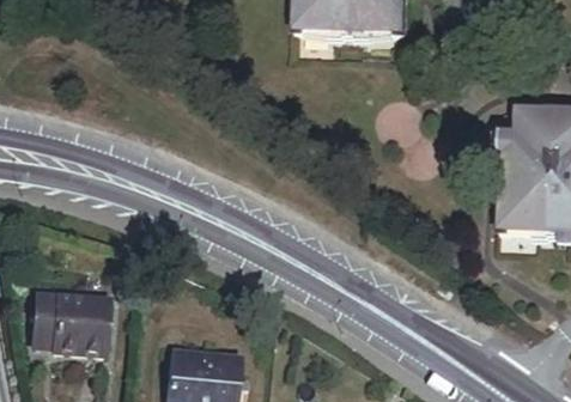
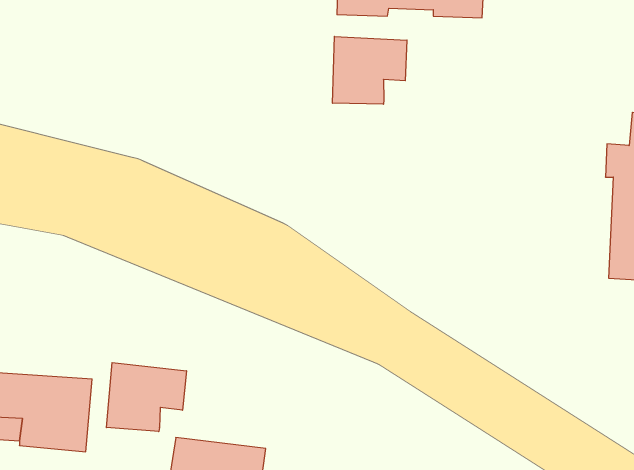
building: none -> [333,36,407,104]
building: none -> [106,363,186,432]

